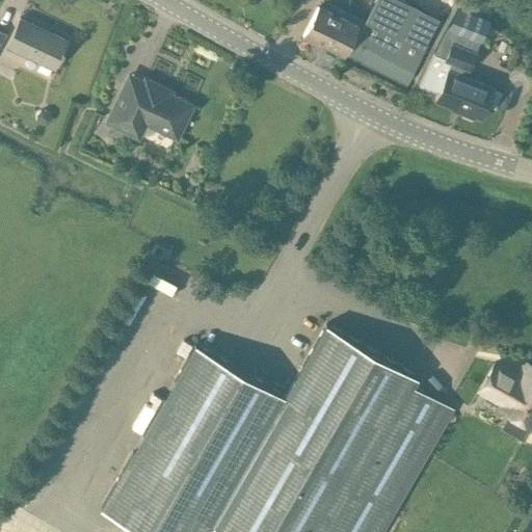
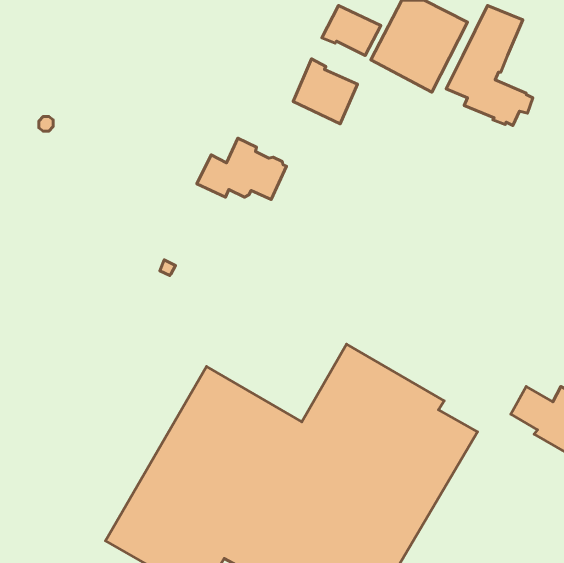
building: [8,21,69,72] -> none
building: none -> [293,59,357,124]
building: [108,82,192,139] -> [197,138,287,199]

